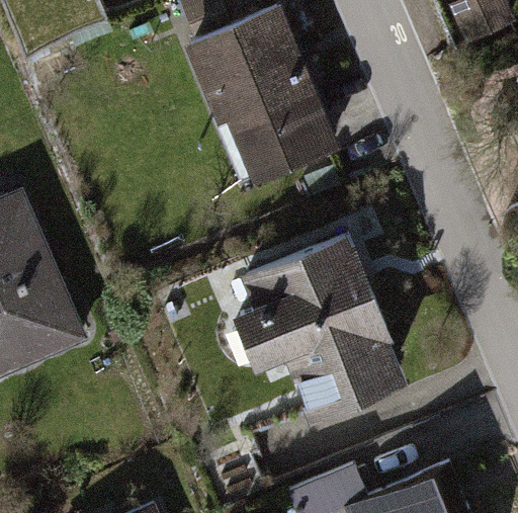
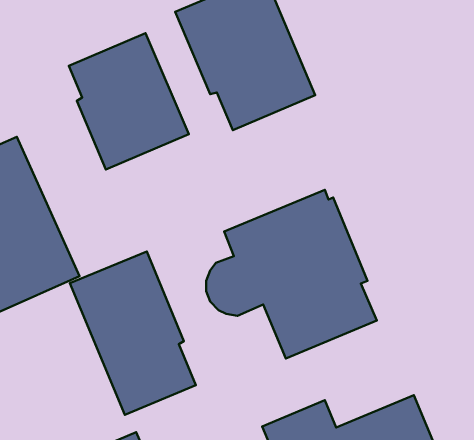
building: none -> [69,33,189,169]
building: none -> [70,251,196,415]

